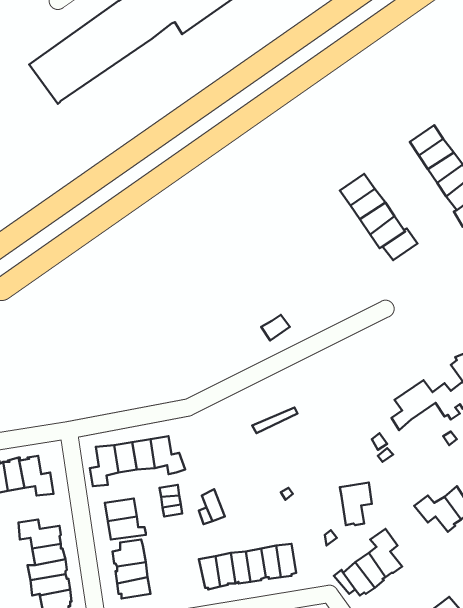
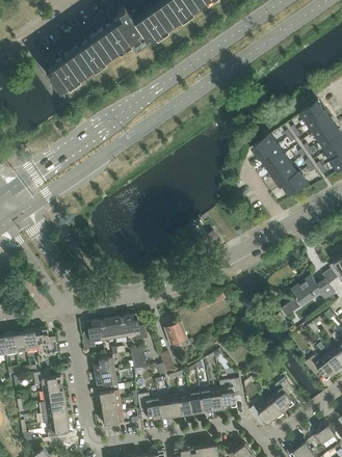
building: none -> [164,323,193,348]
building: [340,483,372,525] -> [220,380,242,409]
building: none -> [138,395,162,423]

